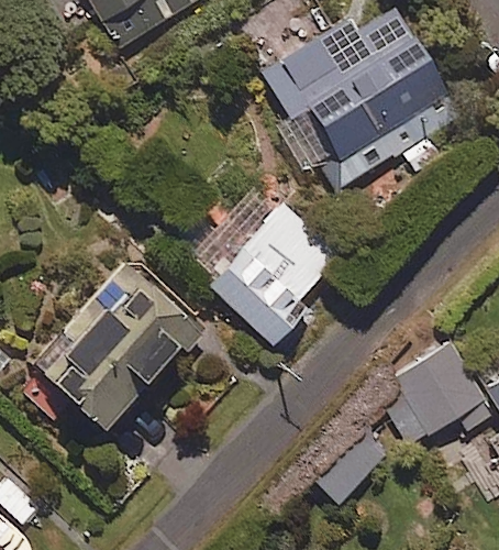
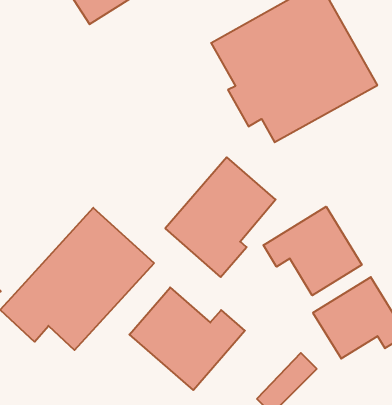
building: none -> [263,207,362,295]
building: none -> [129,287,245,390]

